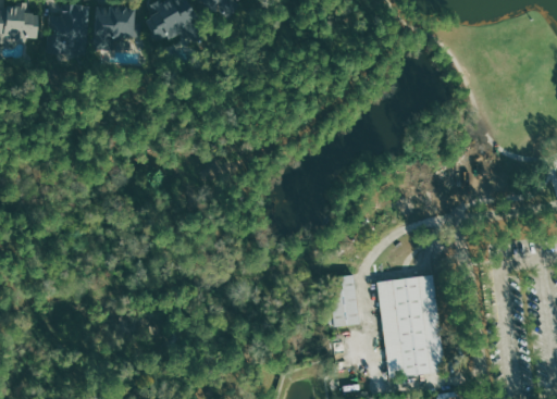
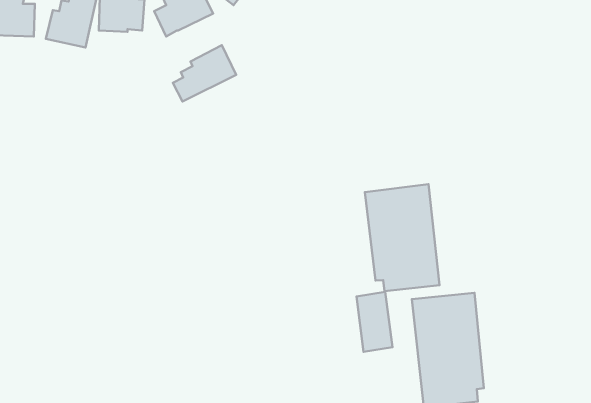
building: none -> [173,45,236,102]
building: none -> [365,184,440,291]

